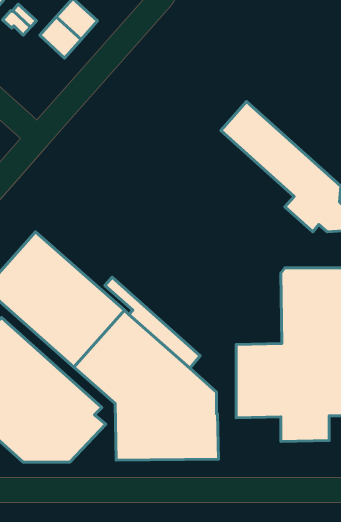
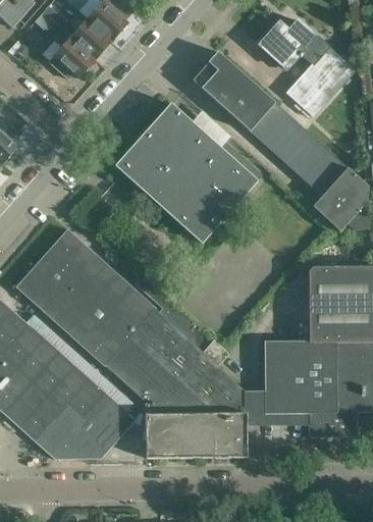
building: none -> [260,19,355,113]
building: none -> [50,37,96,79]
building: none -> [193,51,275,130]
building: none -> [115,102,262,242]

